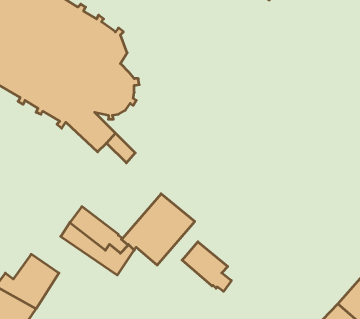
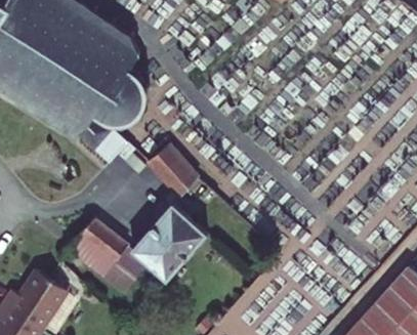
building: none -> [151,146,199,198]
building: [182,242,231,291] -> none

